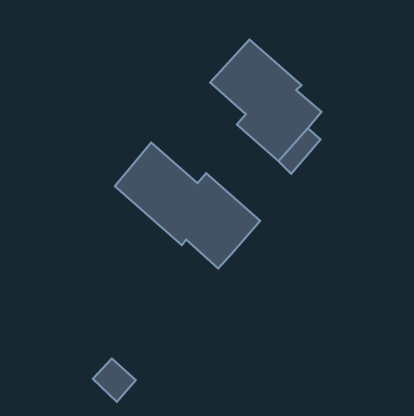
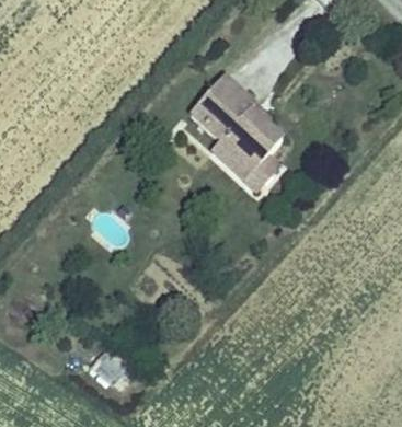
building: [115,143,260,268] -> none

